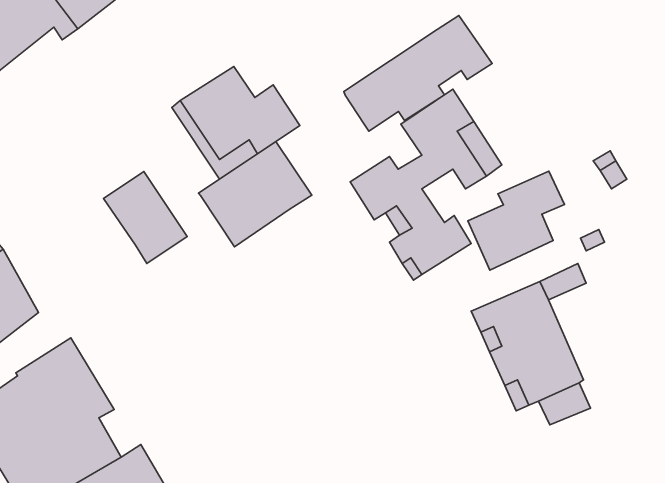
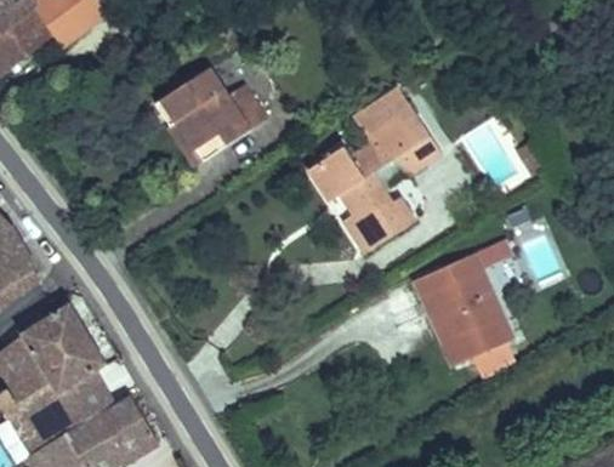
building: [344,15,492,131] -> none
building: [198,142,312,247] -> none
building: [468,171,564,270] -> none
building: [104,171,187,264] -> none

